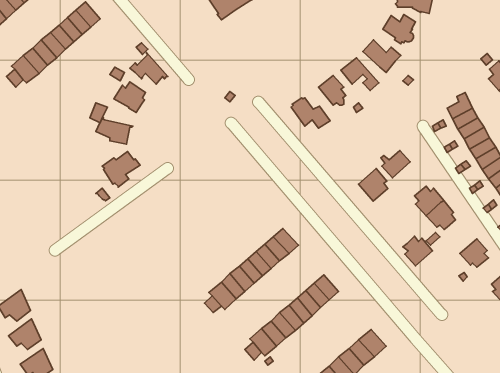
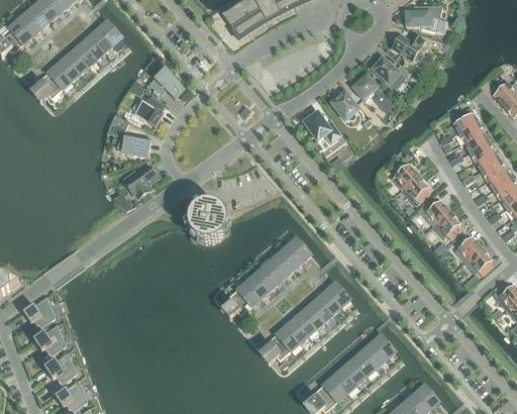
building: [358,168,388,201] -> [401,174,429,205]
building: none -> [187,202,228,242]
building: [403,236,432,266] -> [453,233,482,262]

